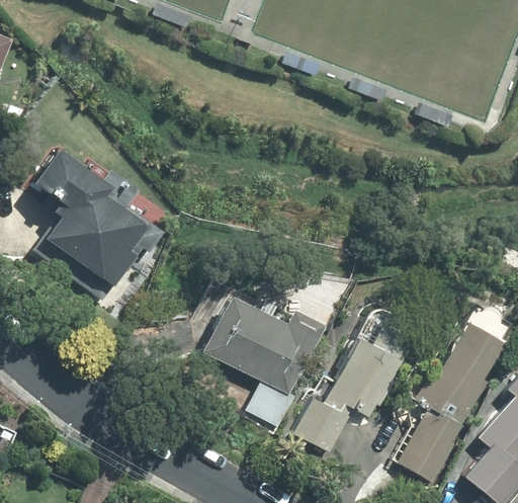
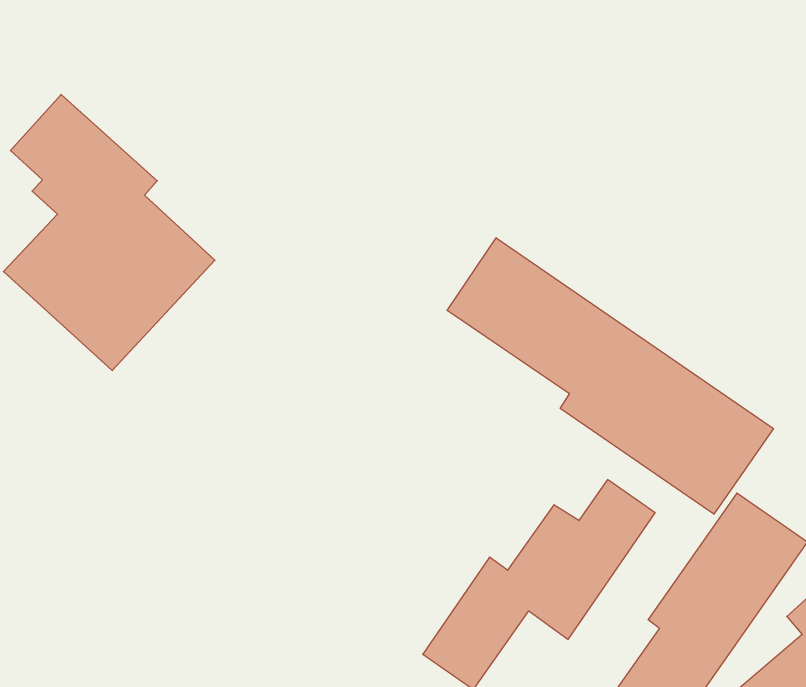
building: none -> [447,238,773,514]
building: [201,299,339,429] -> none

